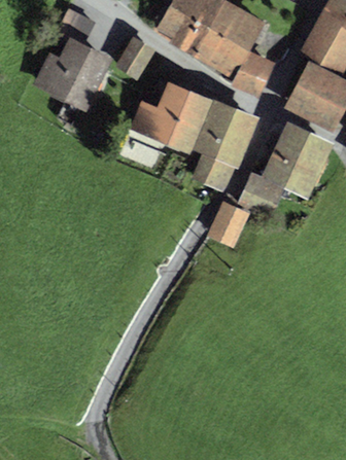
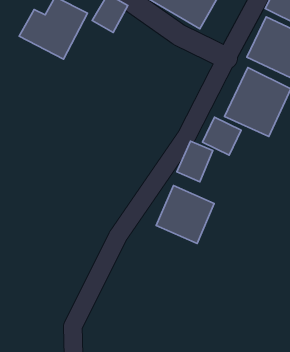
building: [232,55,270,99] -> none
building: [128,81,209,152] -> none
building: [194,102,246,185] -> none
building: none -> [156,185,214,243]

